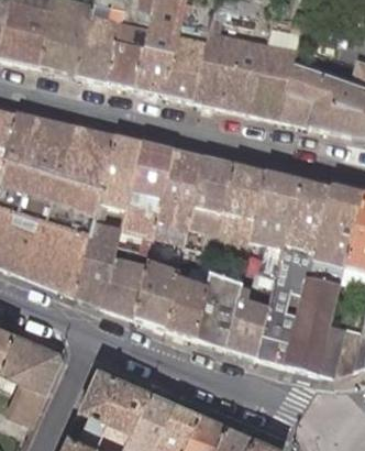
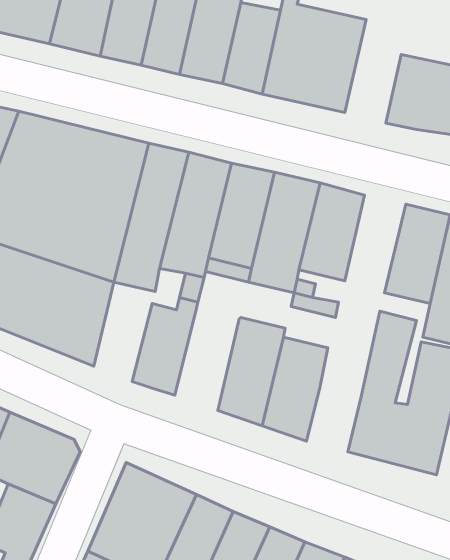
building: [254,47,299,122] -> none
building: [252,174,298,273] -> none
building: [74,237,118,308] -> none
building: [132,255,178,329] -> none
building: [226,311,266,359] -> none

